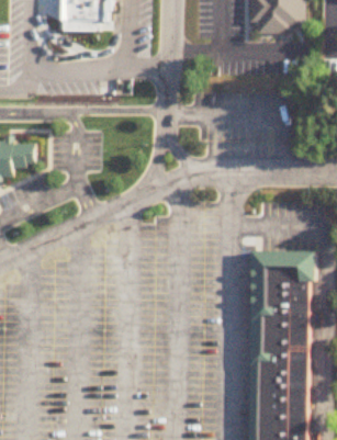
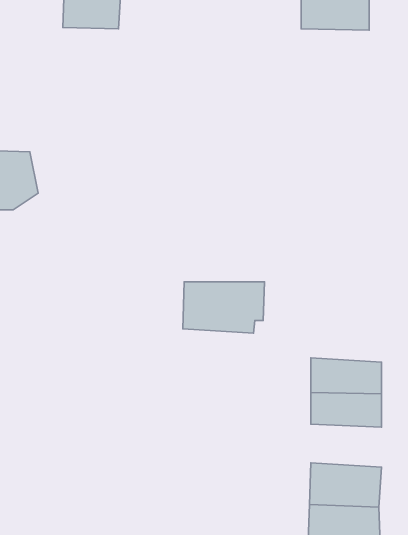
building: [254,257,318,297] -> [183,282,264,333]
building: [254,347,310,381] -> none

